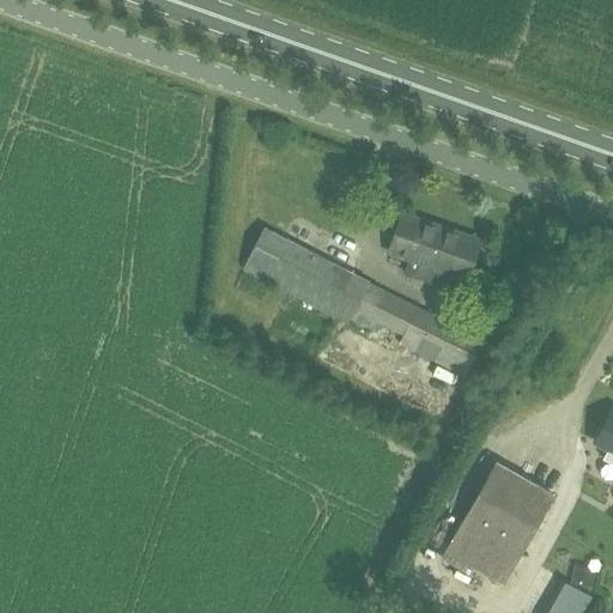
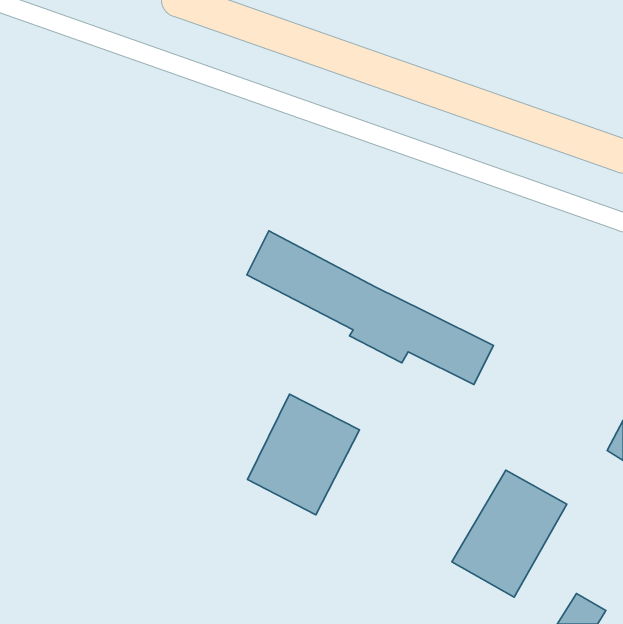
building: [389,214,474,279] -> none
building: none -> [248,394,360,515]

